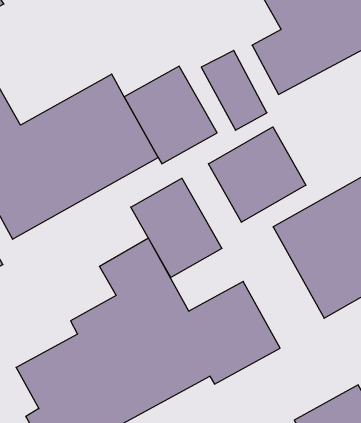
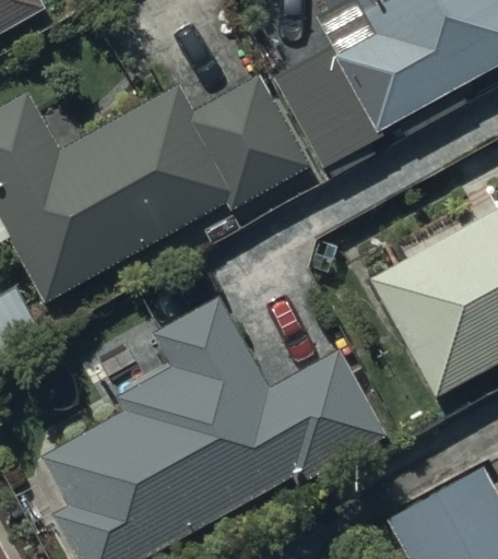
building: [208,127,306,222] -> none
building: [131,178,222,277] -> none

